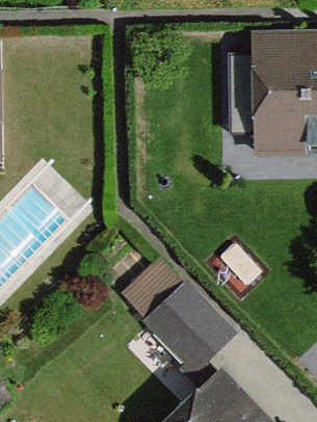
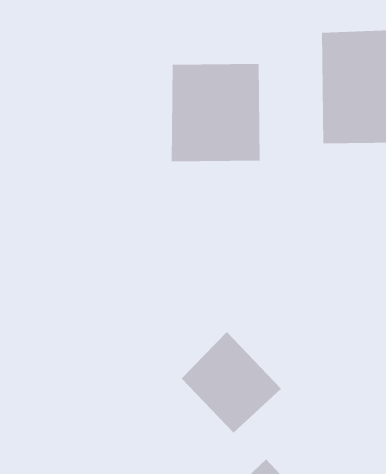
building: none -> [171,63,260,162]

